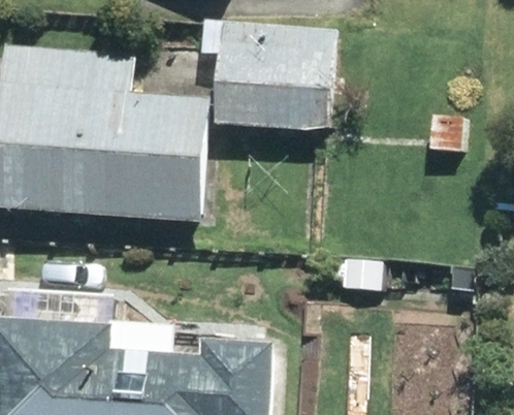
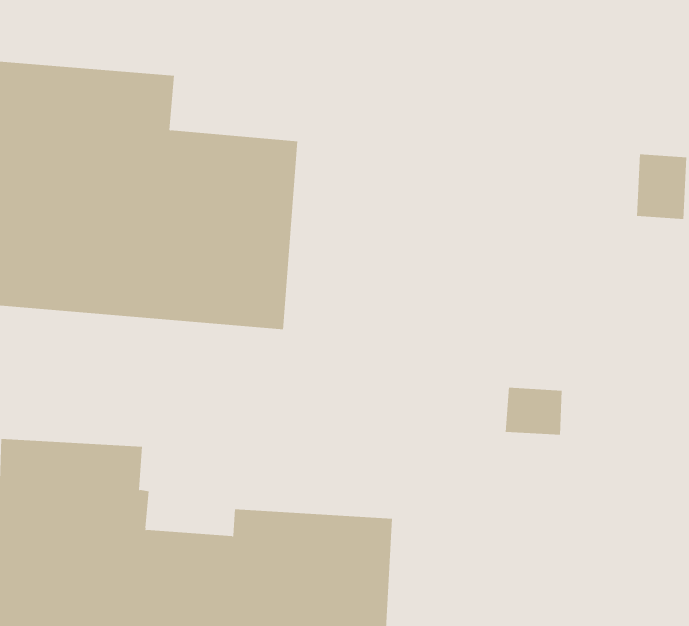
building: [200,20,333,131] -> none

